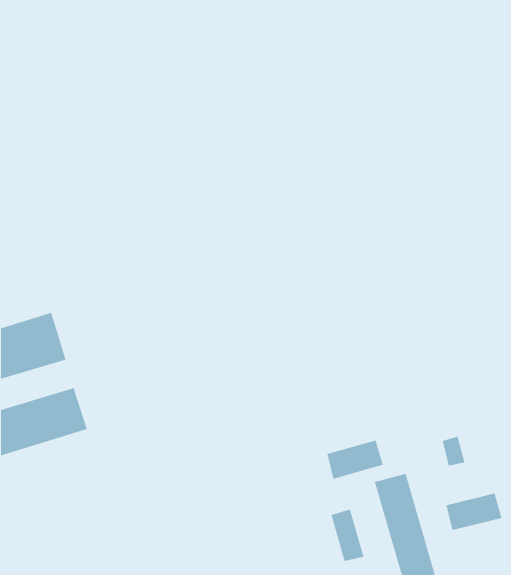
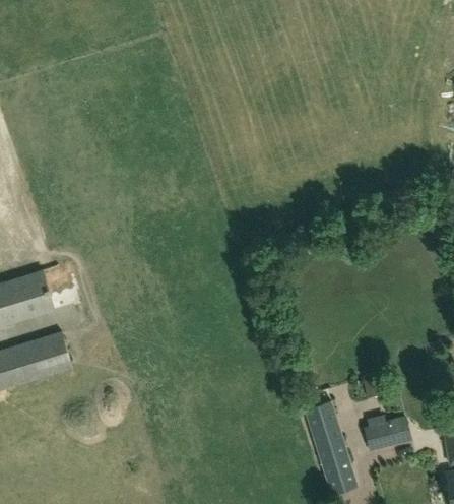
building: [327,440,384,480] -> none
building: [330,509,364,562] -> none

